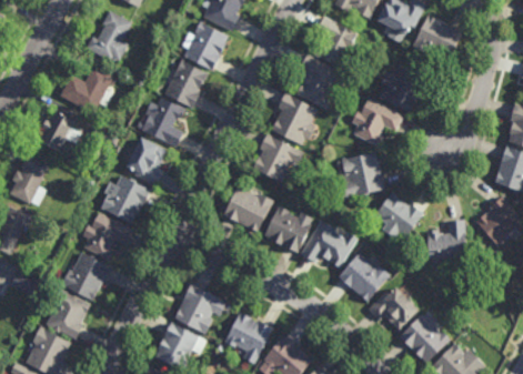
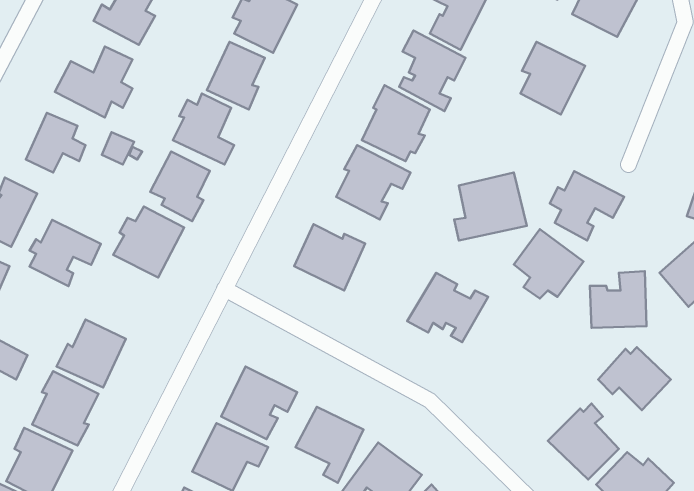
building: [352,99,403,146] -> [550,171,624,241]
building: [264,206,313,253] -> none
building: [84,213,133,259] -> [30,220,101,286]
building: [340,253,390,301] -> none
building: [369,287,419,331] -> [598,347,671,410]

